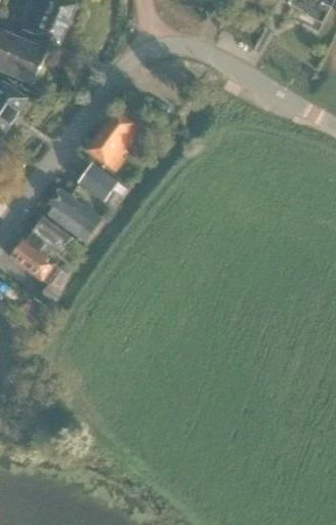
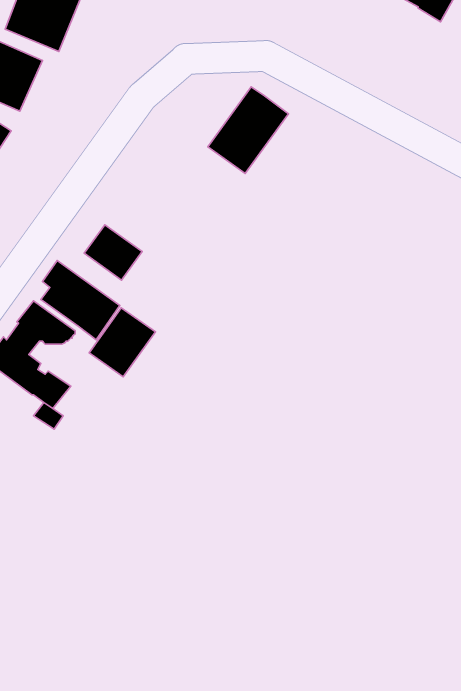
building: [85,108,140,167] -> [208,87,288,174]
building: none -> [89,308,155,377]

